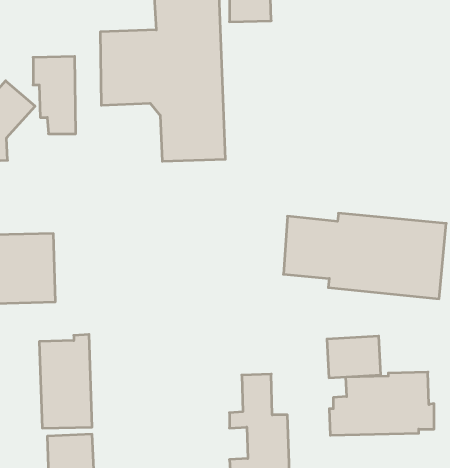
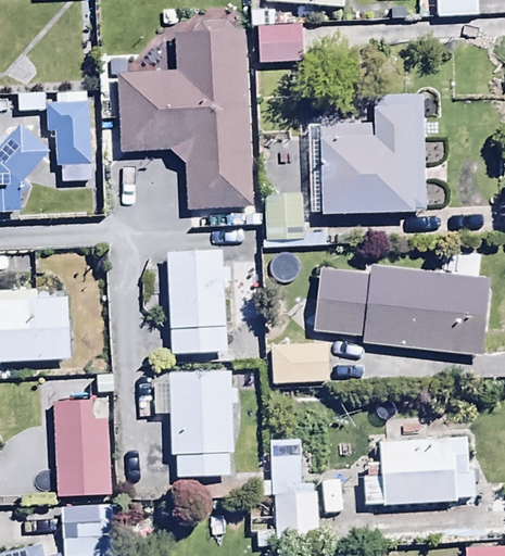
building: none -> [308,94,424,214]
building: none -> [168,250,227,352]
building: none -> [155,368,239,476]
building: [327,336,381,378] -> [272,340,329,384]

